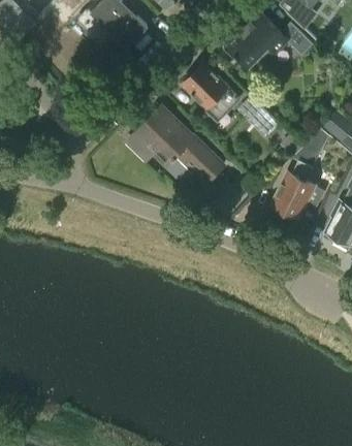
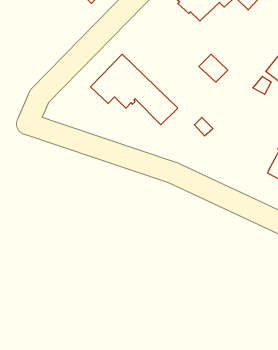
building: [183,64,235,118] -> none
building: [271,162,325,219] -> none

